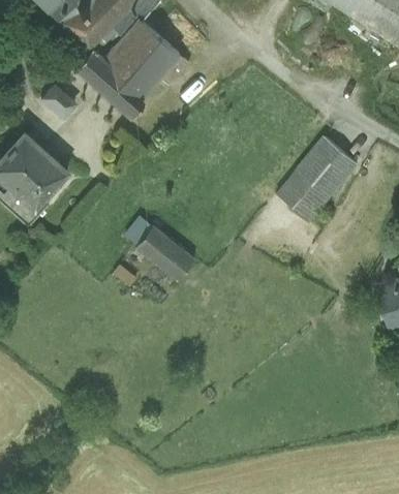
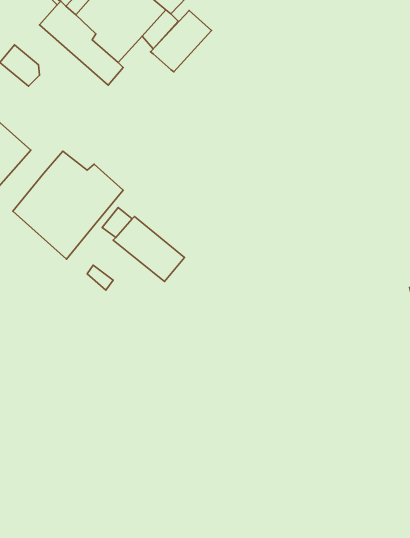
building: none -> [150,10,212,72]
building: [276,141,352,222] -> none
building: none -> [13,151,123,259]

